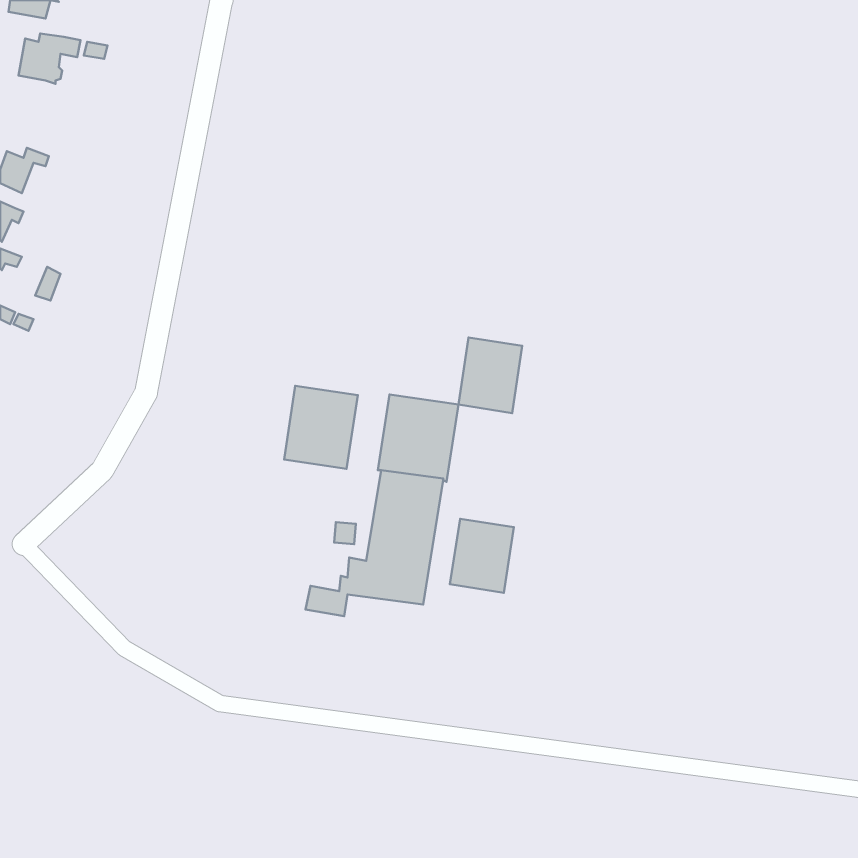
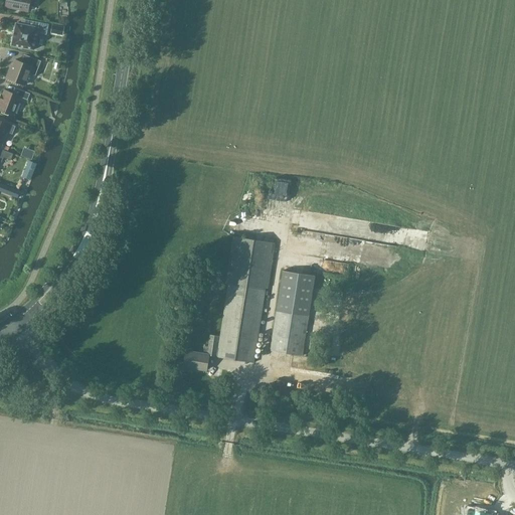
building: none -> [6,56,40,84]
building: [458,337,522,413] -> [276,271,314,316]
building: [284,386,358,469] -> none

